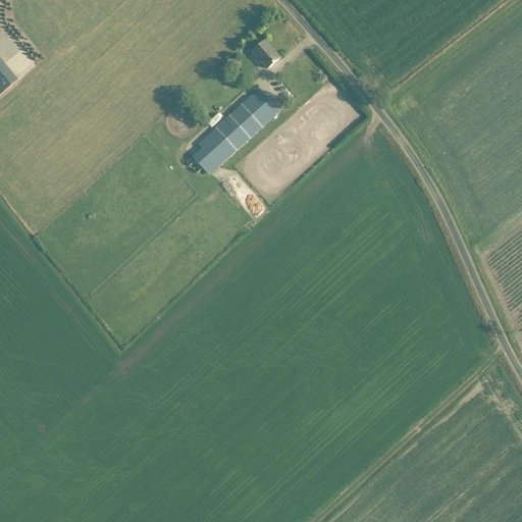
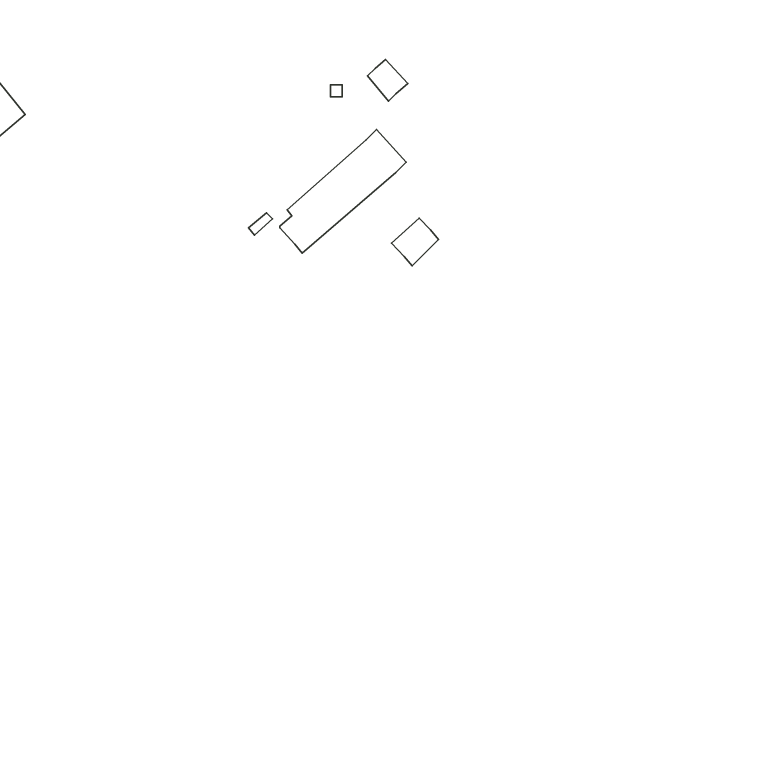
building: none -> [391,218,438,266]

